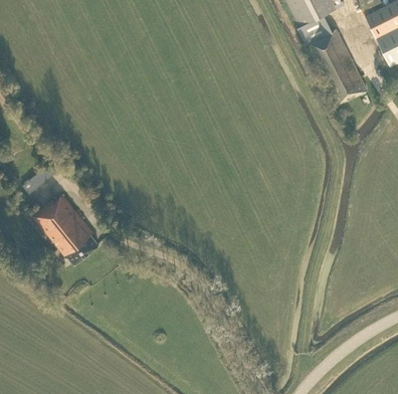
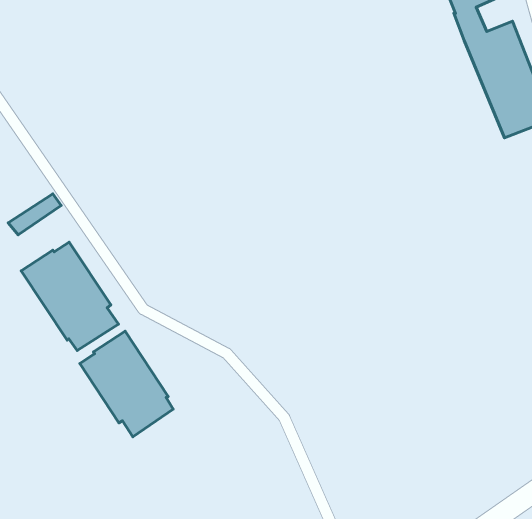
building: none -> [80,331,173,437]

